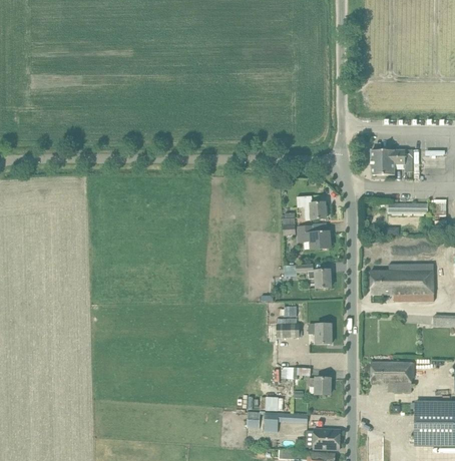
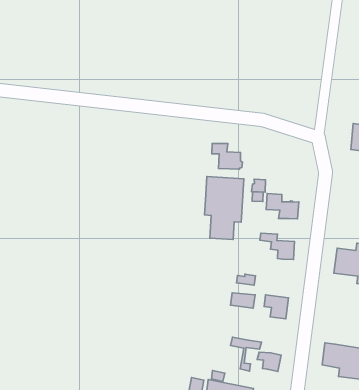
building: [298,195,329,220] -> [212,143,242,169]
building: none -> [204,176,244,239]

